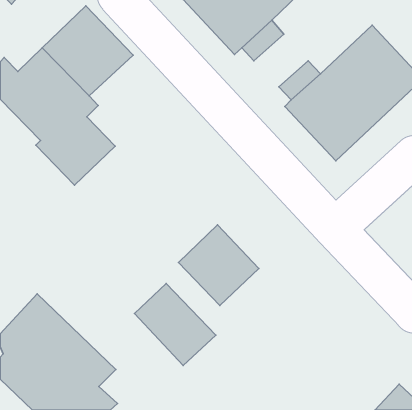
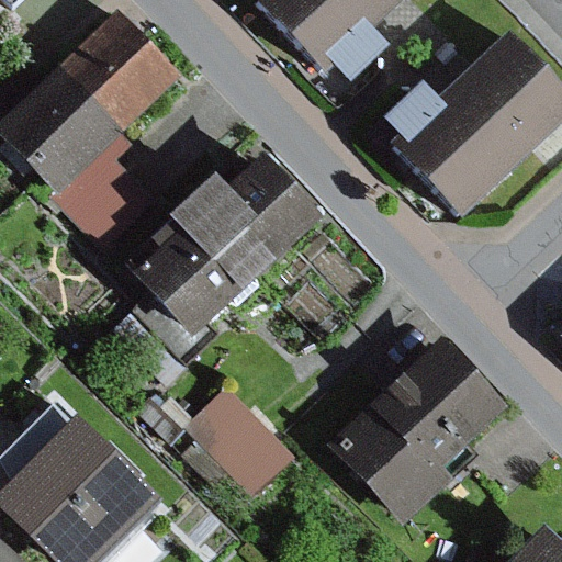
building: none -> [124,156,319,362]
building: [179,225,259,305] -> none
building: none -> [326,336,508,525]

